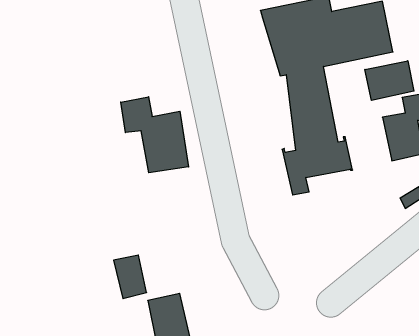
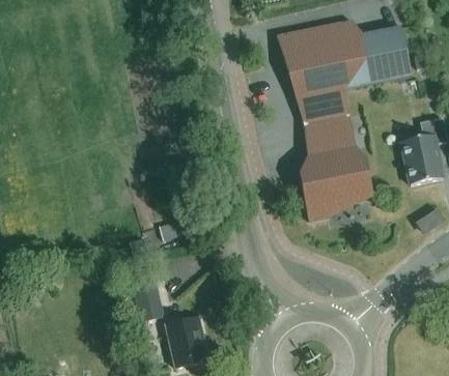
building: [365,61,414,100] -> none
building: [121,97,189,173] -> none

